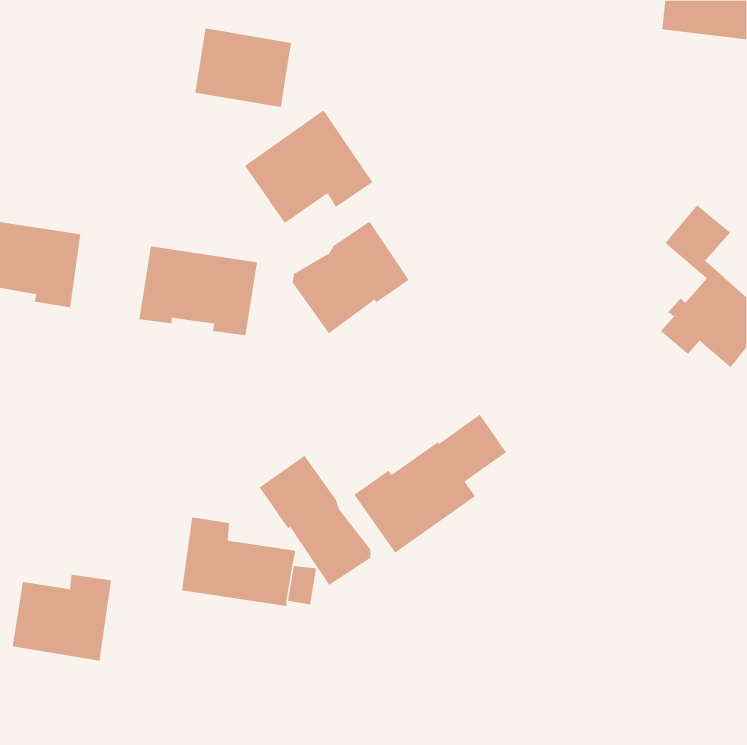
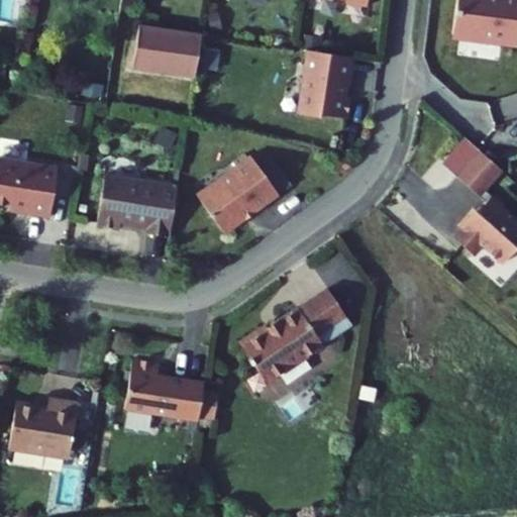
building: none -> [302,44,357,113]
building: [244,109,373,224] -> none
building: [259,455,371,586] -> none

